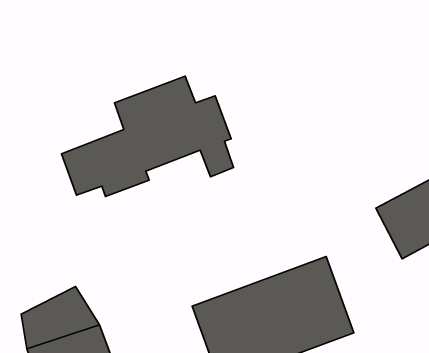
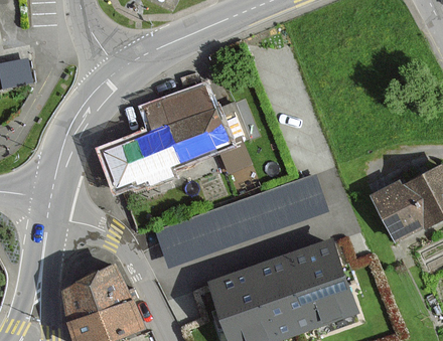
building: none -> [157,177,324,265]

